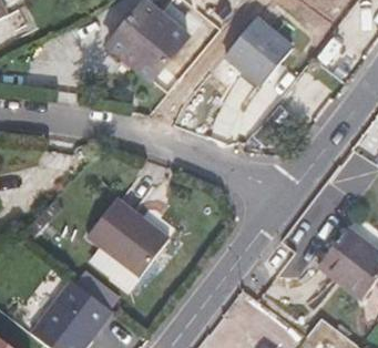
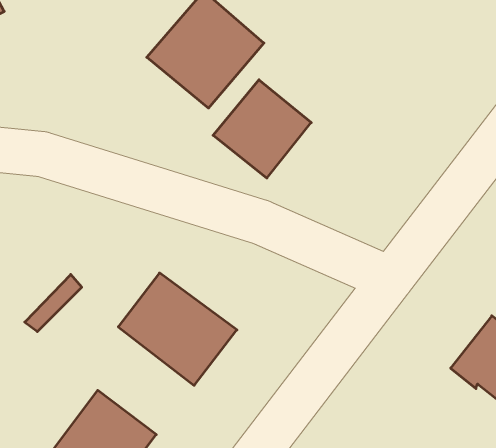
building: [224,17,293,85] -> [213,80,311,178]

